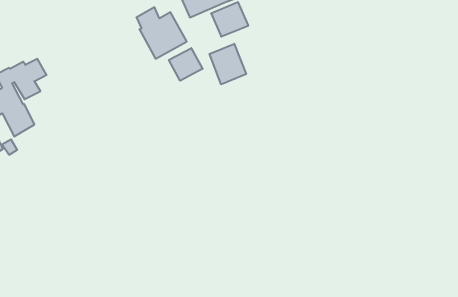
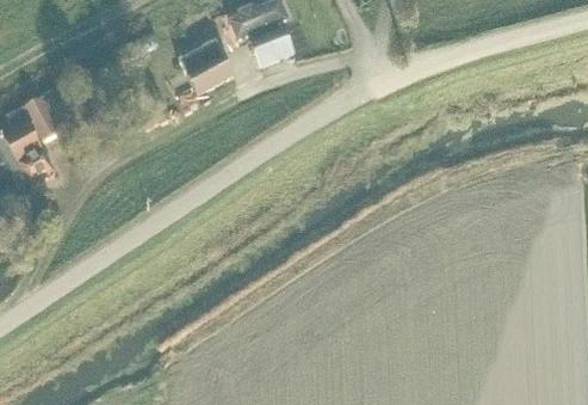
building: [209,44,246,84] -> none
building: [169,48,203,81] -> none

